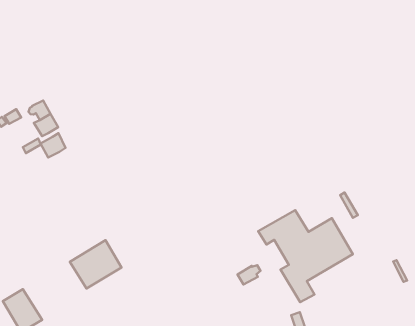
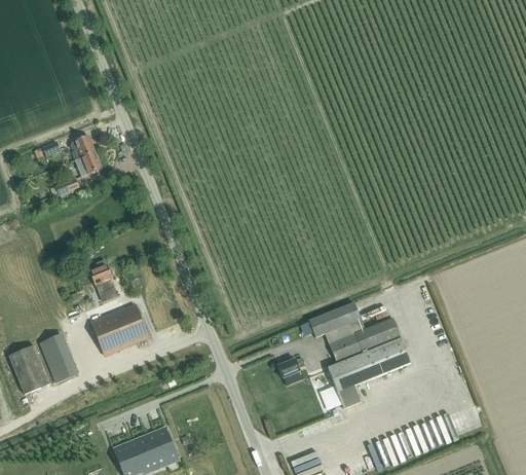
building: [40,133,66,158] -> none
building: none -> [89,258,113,296]
building: none -> [39,332,78,381]

